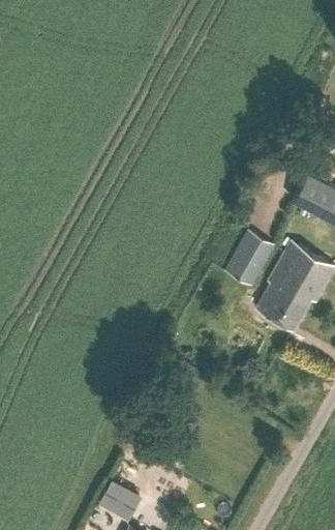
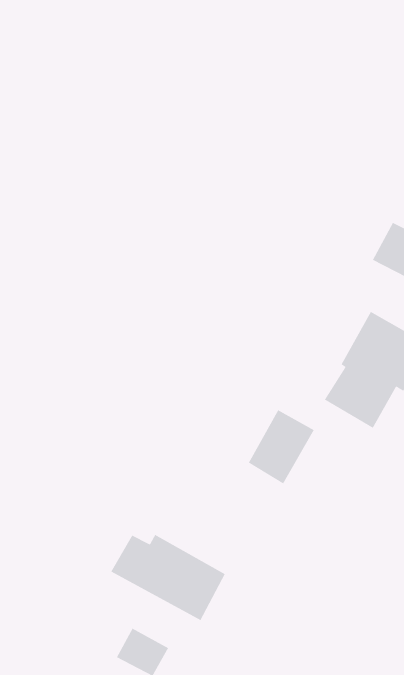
building: [224,231,275,288] -> [248,409,315,485]
building: none -> [110,534,226,621]

